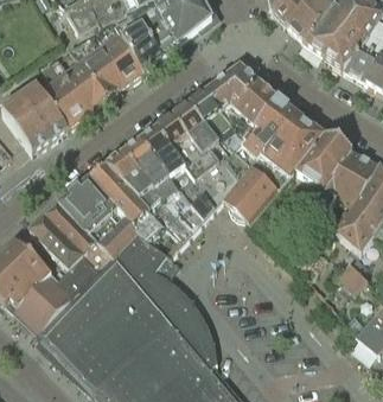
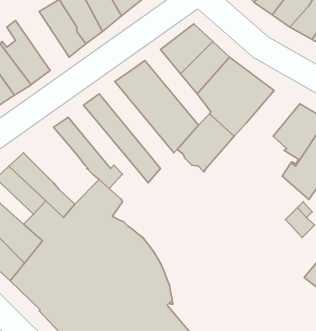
building: [50,51,107,114] -> none
building: [187,91,257,172] -> none
building: [139,126,218,218] -> none
building: [295,135,352,216] -> none
building: [106,151,191,241] -> none
building: [58,174,116,229] -> none
building: [90,215,139,256] -> none

